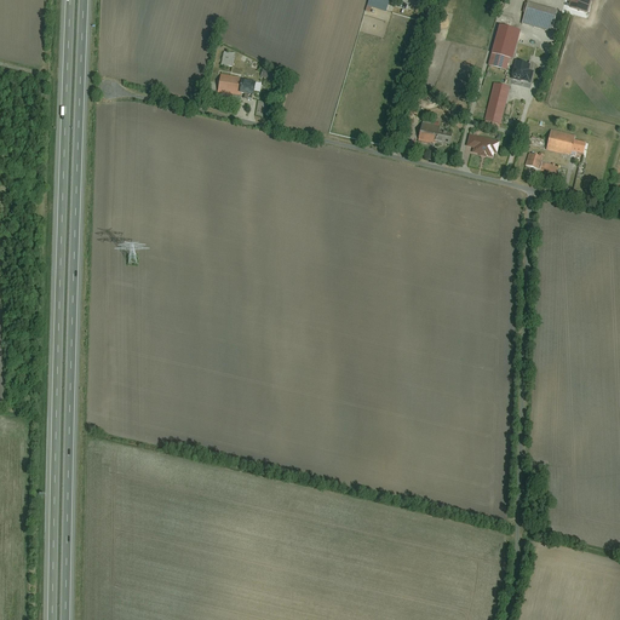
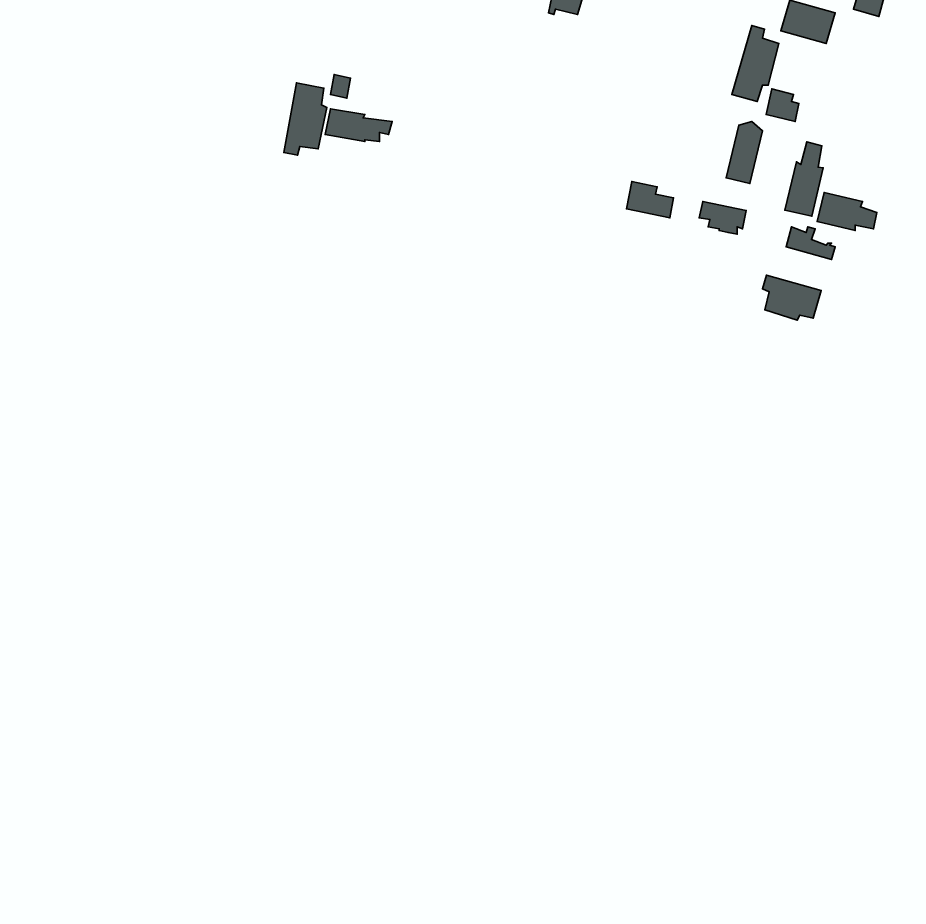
building: none -> [284,83,327,155]
building: none -> [785,142,823,216]
building: none -> [762,275,821,320]

